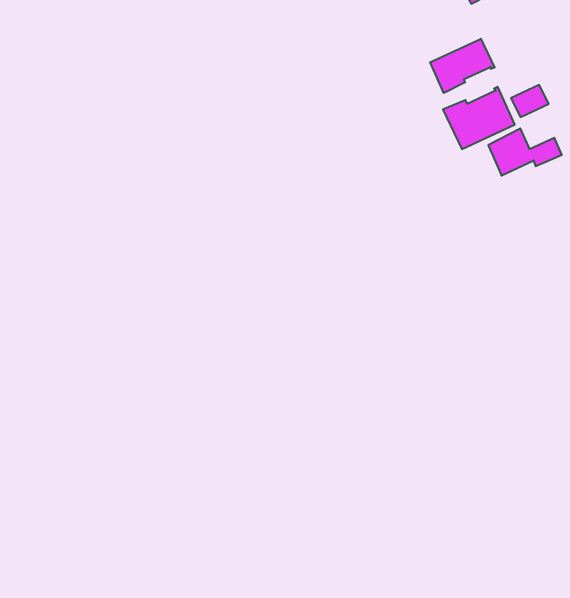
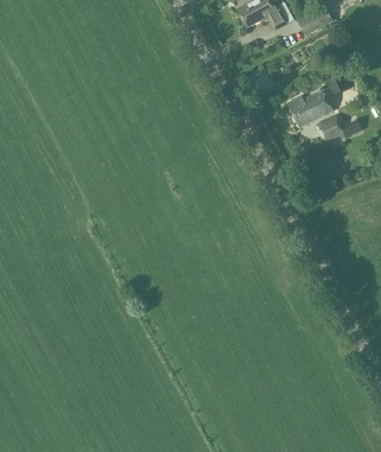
building: [430,39,495,93] -> none

